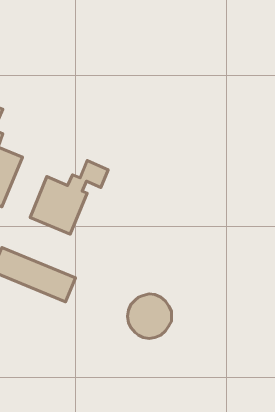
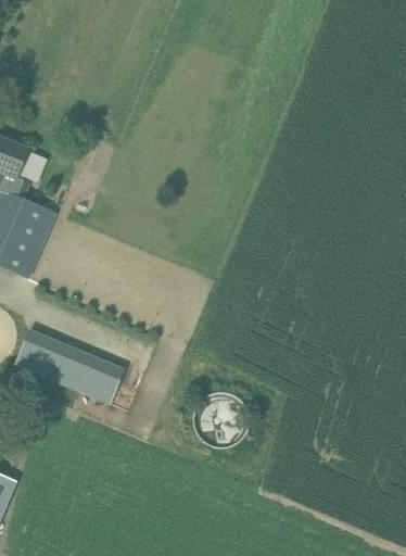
building: [30,160,108,234] -> none

